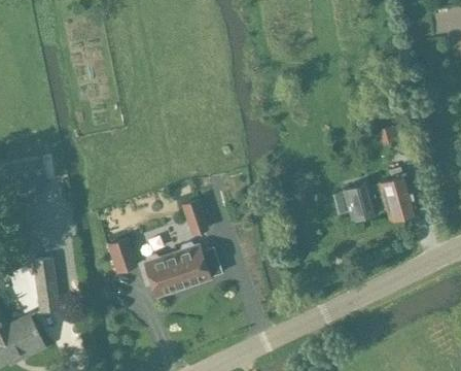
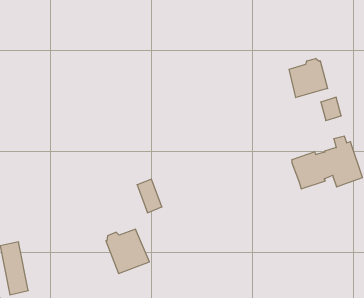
building: none -> [289,58,328,98]
building: [105,239,134,273] -> none
building: [176,243,222,288] -> none

